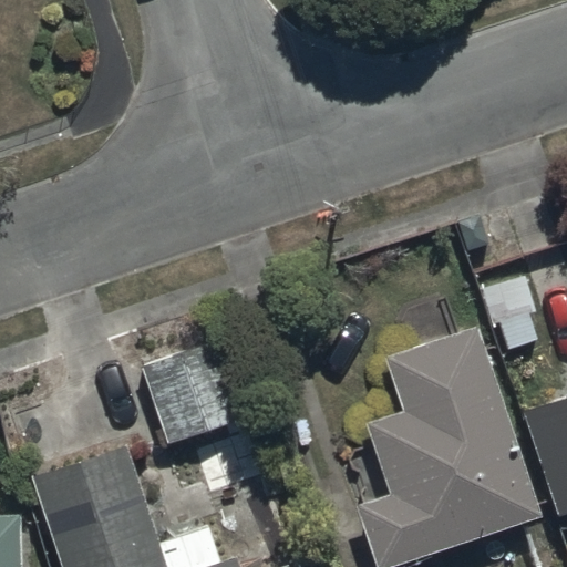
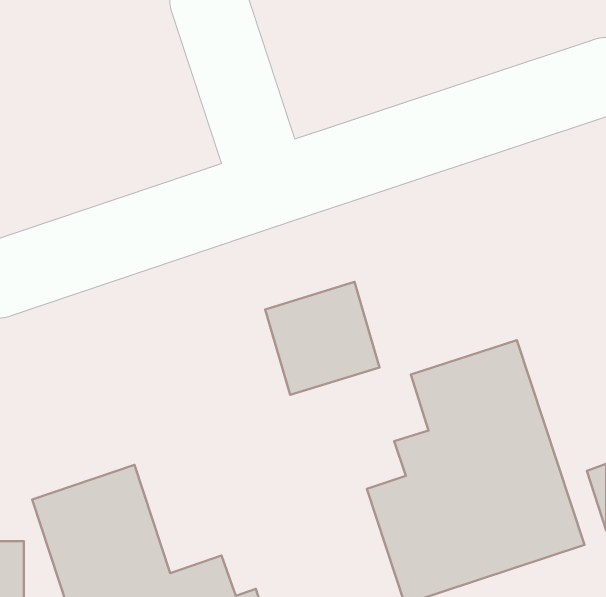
building: [138,343,245,449] -> [265,282,379,395]

